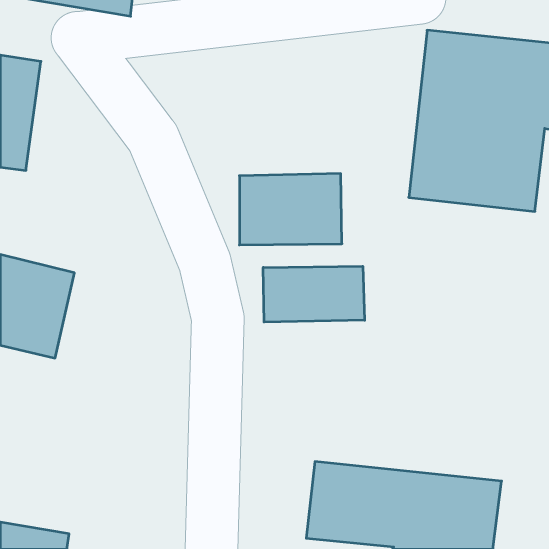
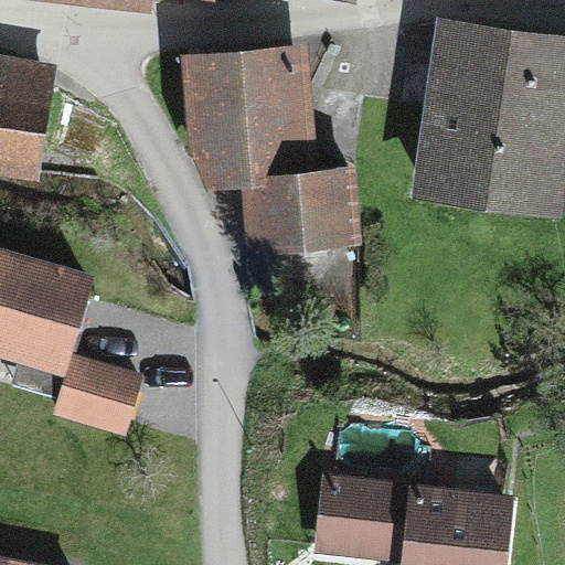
building: none -> [181,50,313,184]
building: [263,266,365,322] -> none
building: none -> [56,352,139,436]

